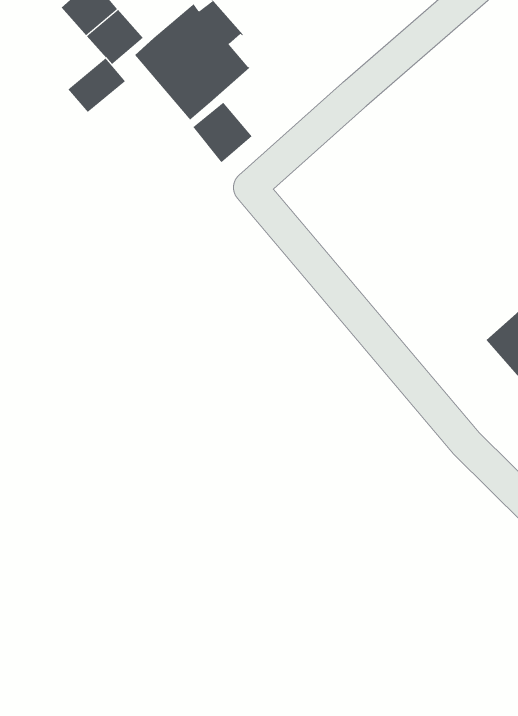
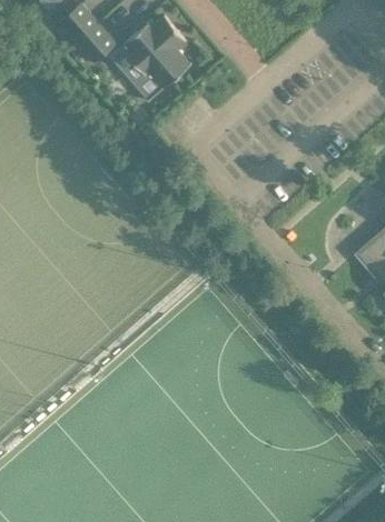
building: [67,58,126,113] -> none
building: [192,102,253,163] -> none

